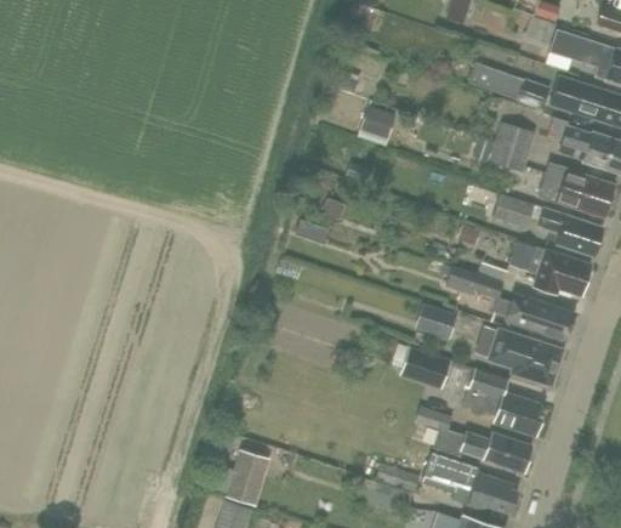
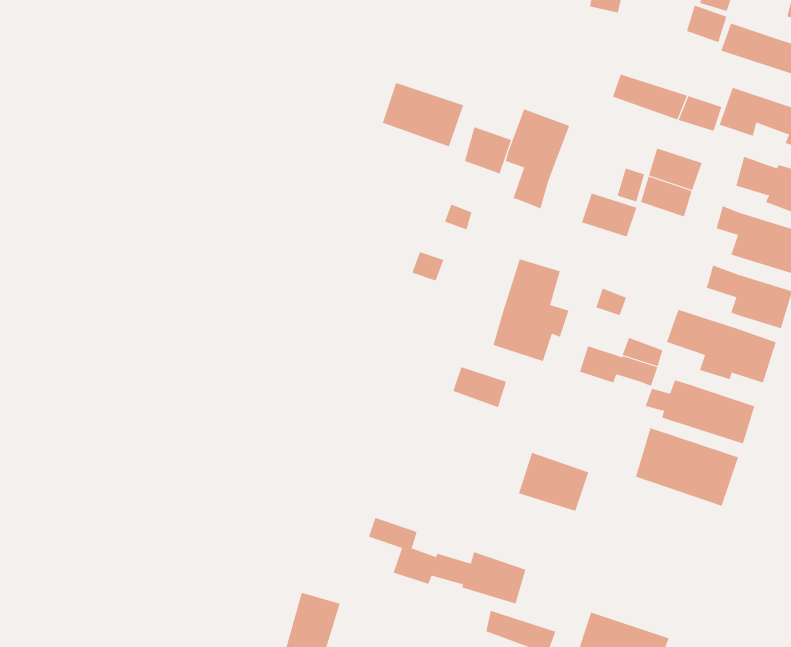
building: none -> [382,82,464,147]
building: none -> [505,109,570,209]
building: [494,194,535,227] -> [581,193,637,237]
building: none -> [493,259,569,362]
building: [417,302,457,333] -> [452,367,507,408]
building: [465,369,542,435] -> none
building: [415,407,531,471] -> [368,517,526,604]

